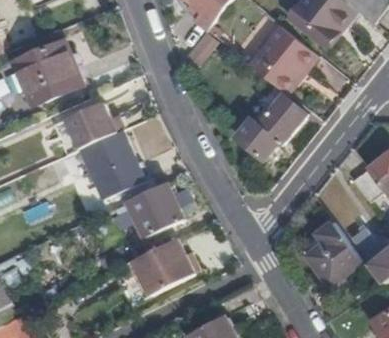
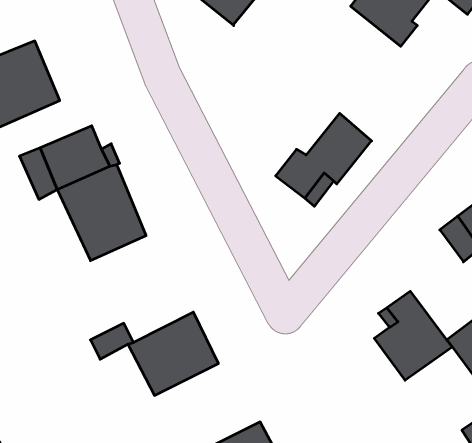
building: [250,25,315,91] -> none
building: [128,181,184,236] -> none

